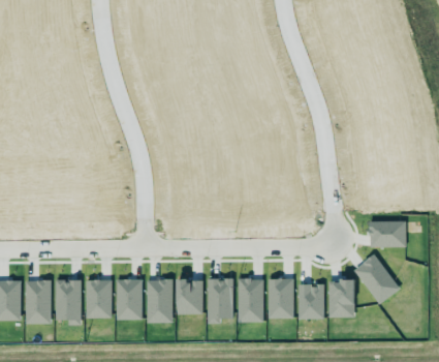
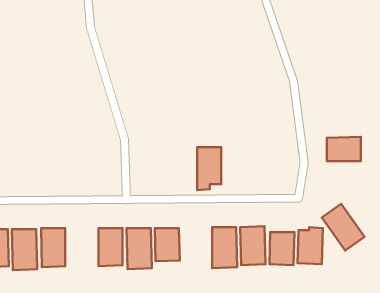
building: [369,220,405,246] -> [327,137,361,161]
building: [207,278,232,324] -> [197,147,221,190]
building: [85,279,112,318] -> none

